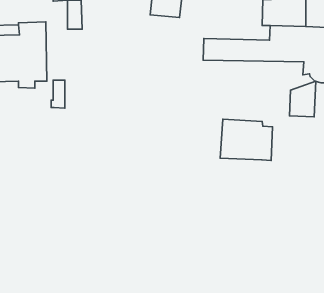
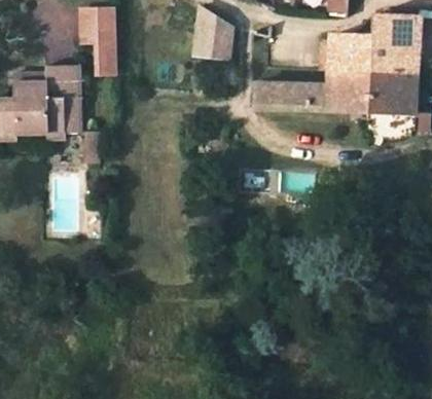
building: [290,81,316,117] -> none
building: [220,119,272,160] -> none

